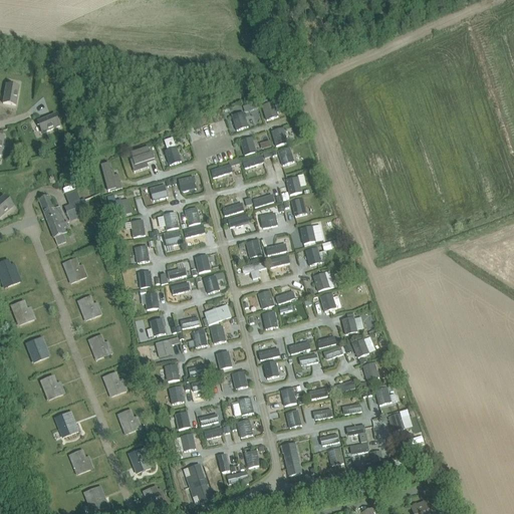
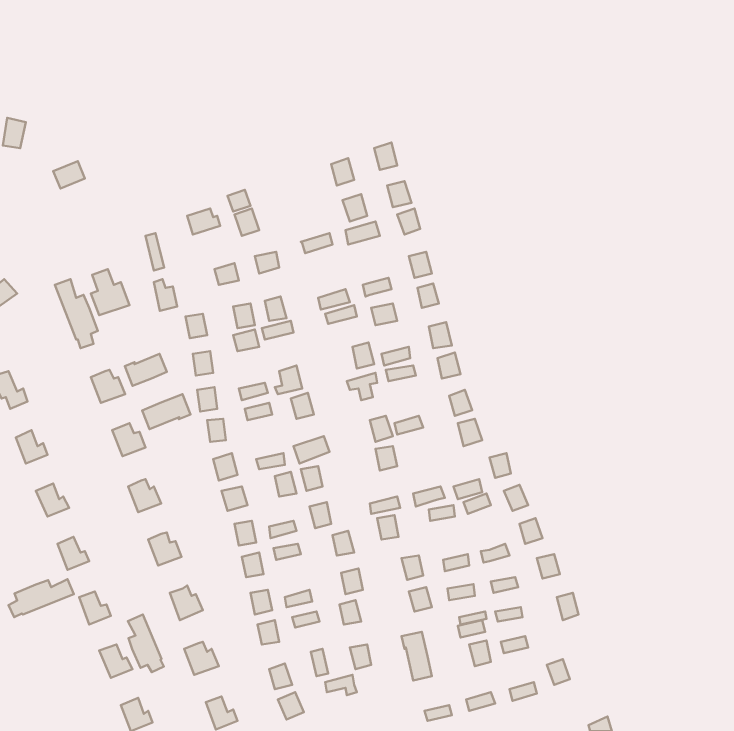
building: none -> [125,354,167,386]
building: none -> [142,394,191,429]
building: none -> [9,579,74,617]
building: none -> [128,614,164,672]

